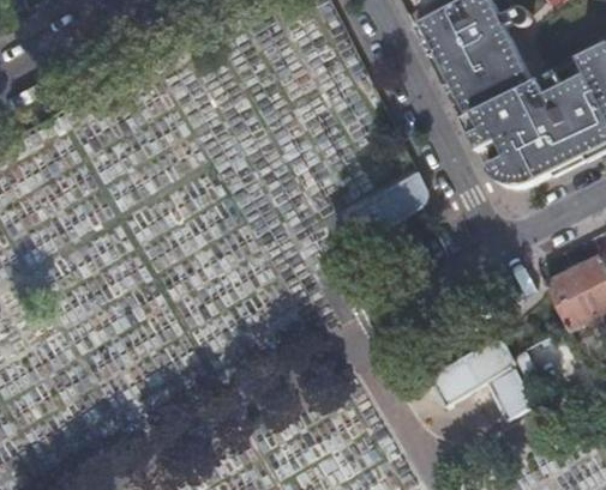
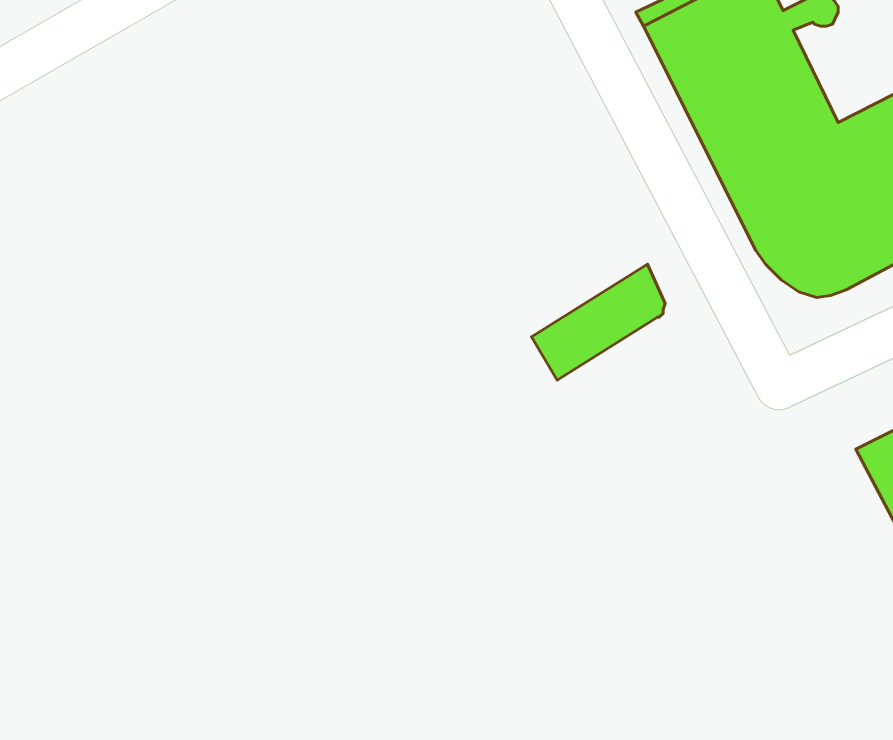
building: [433,338,541,416] -> none

